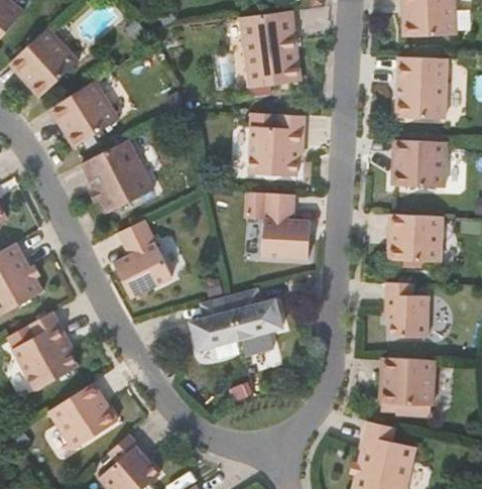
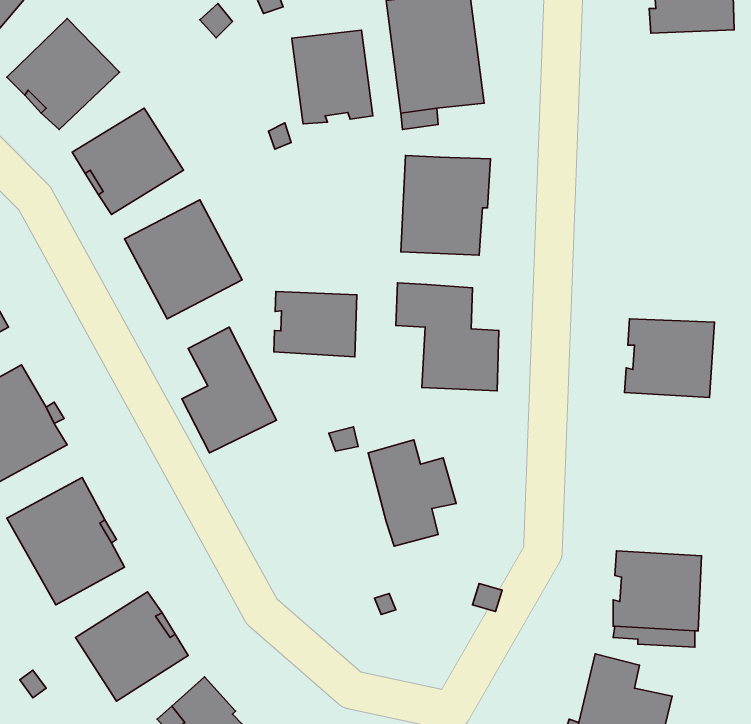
building: none -> [292,30,373,124]
building: [395,56,447,119] -> none
building: [392,139,447,188] -> none
building: none -> [274,291,357,357]
building: [385,281,429,338] -> none
building: [191,296,240,350] -> none

